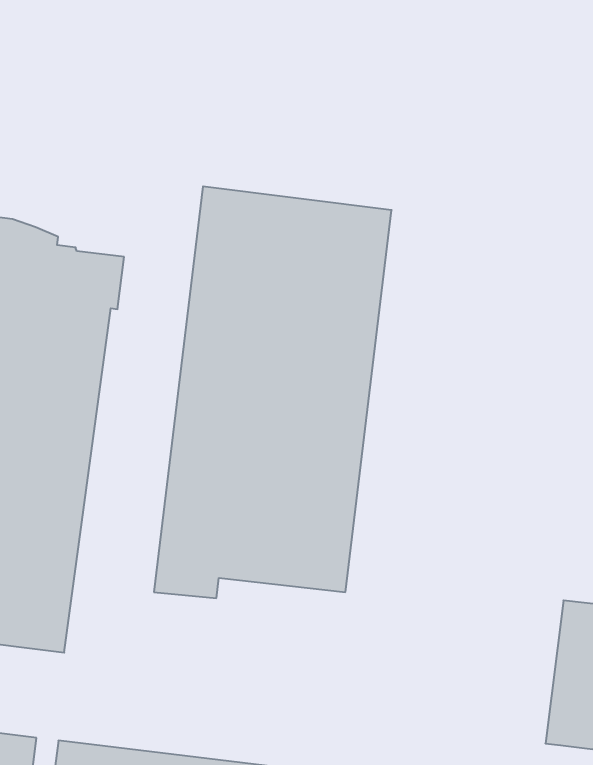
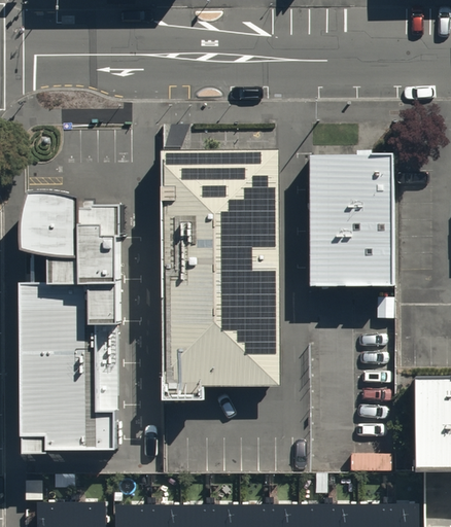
building: none -> [307,156,393,286]

